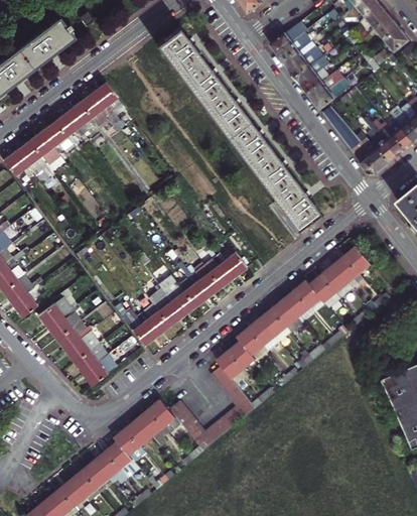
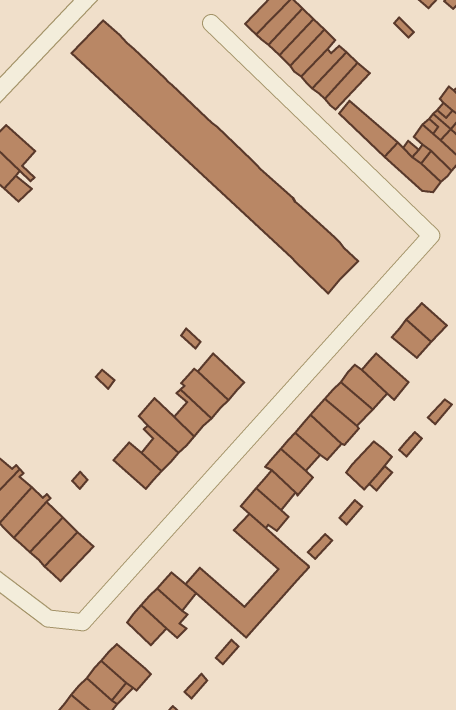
building: [216,253,246,278] -> none
building: [322,264,353,295] -> none
building: [115,306,157,348] -> none
building: none -> [346,441,392,489]
building: [119,423,149,456] -> none

